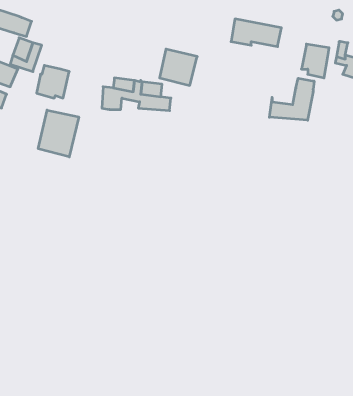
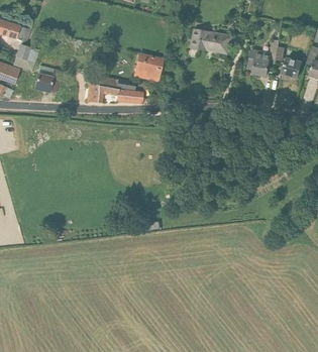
building: [269,78,314,120] -> none
building: [38,110,79,157] -> none

